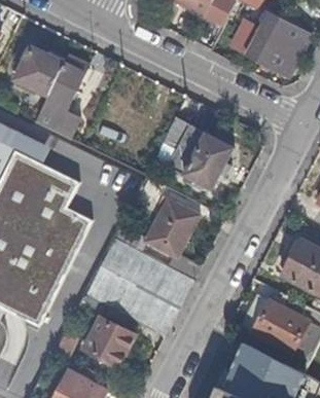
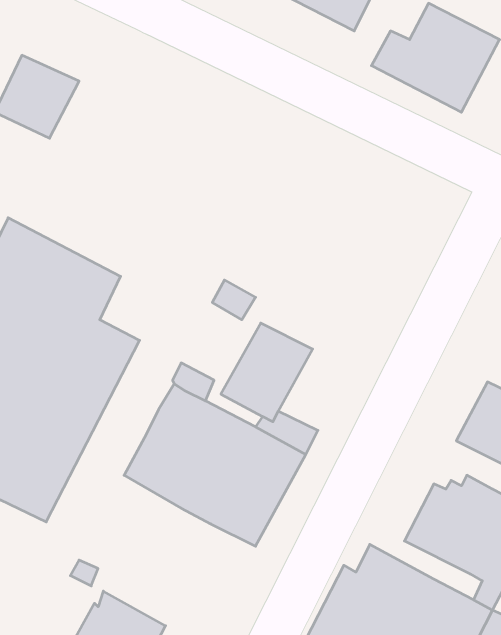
building: [28,52,85,136] -> none
building: [164,117,234,190] -> none
building: [81,293,137,367] -> none

